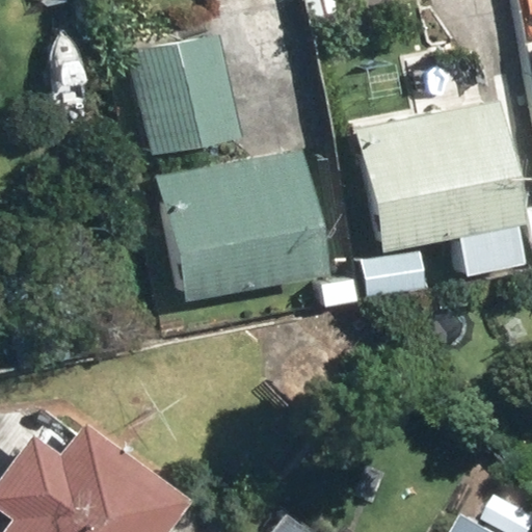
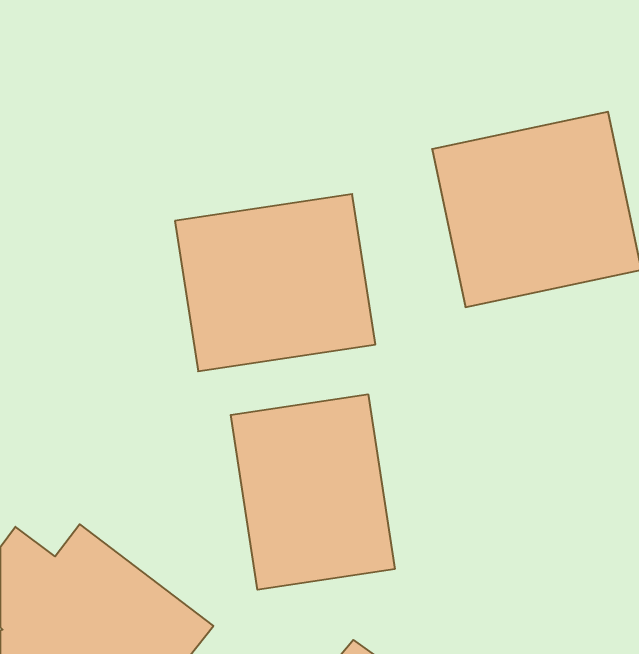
building: [135,26,262,156] -> none
building: none -> [231,394,395,590]

